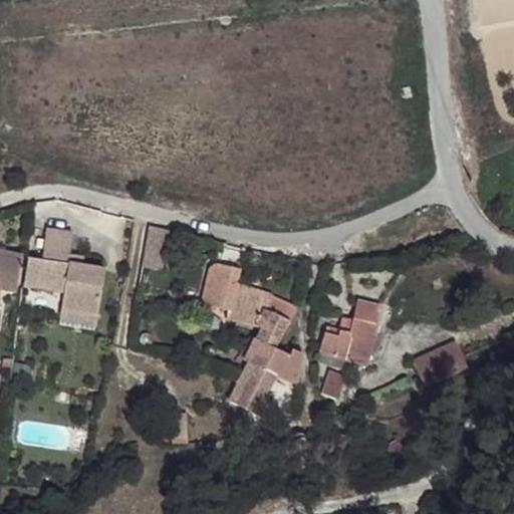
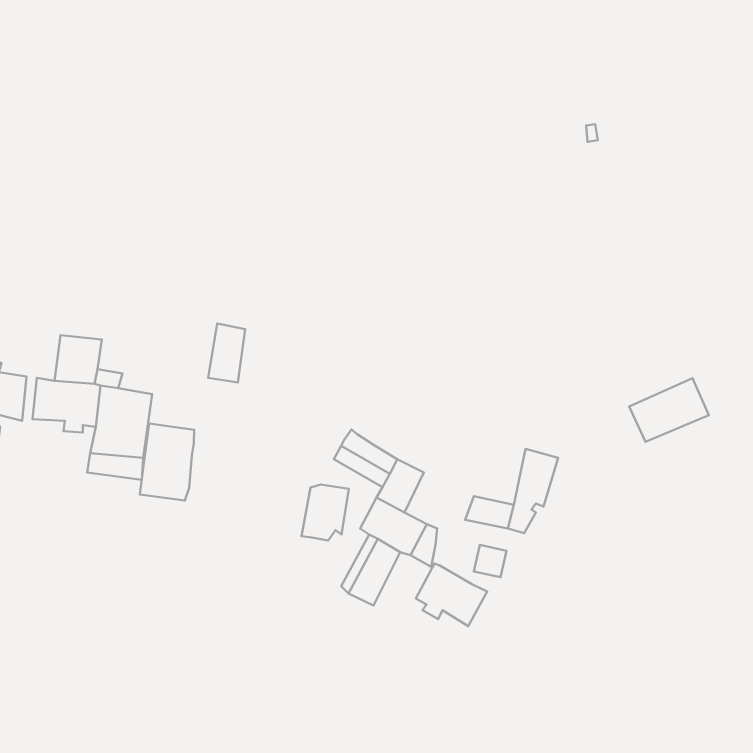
building: [216,261,248,299] -> [302,484,349,541]
building: none -> [140,424,194,501]
building: [416,343,470,387] -> [629,378,709,442]
building: none -> [416,564,487,626]

